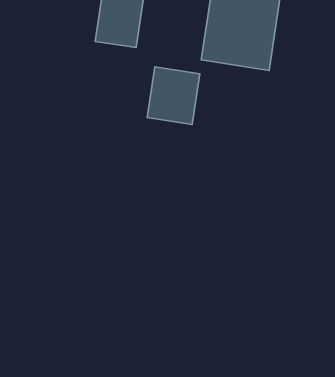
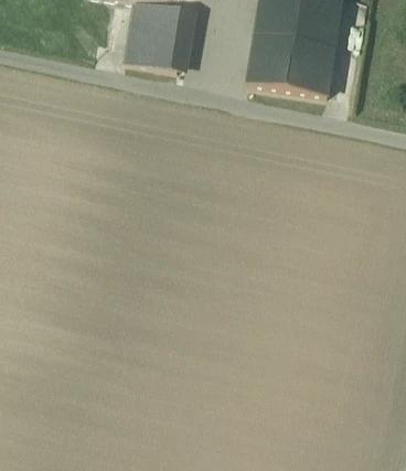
building: [147,67,200,125] -> none

